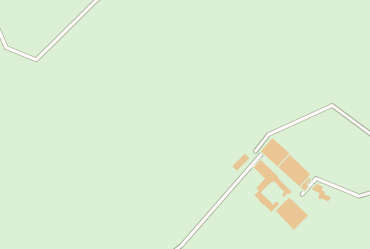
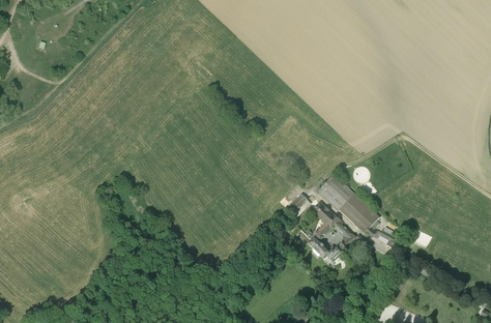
building: [275,197,309,230] -> none

